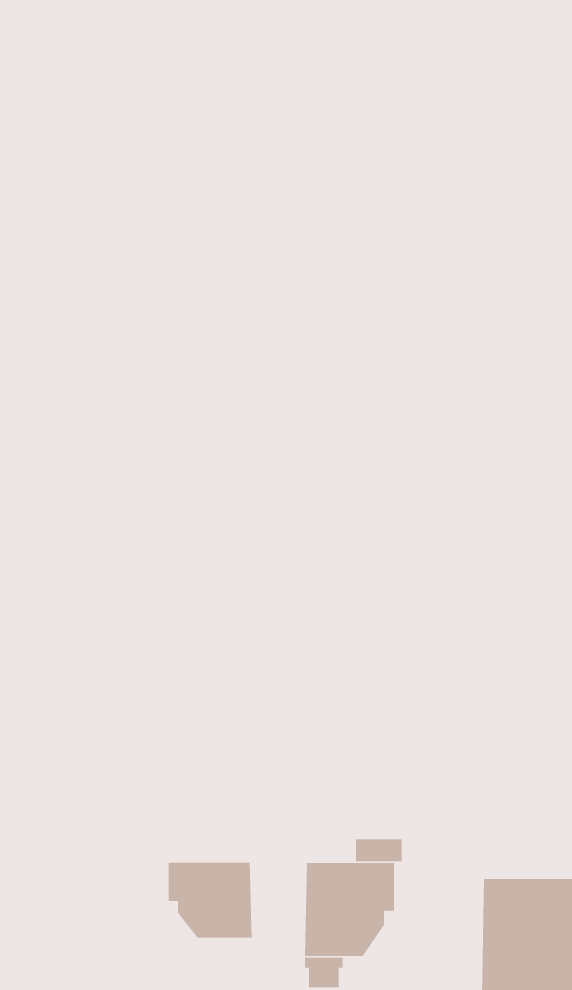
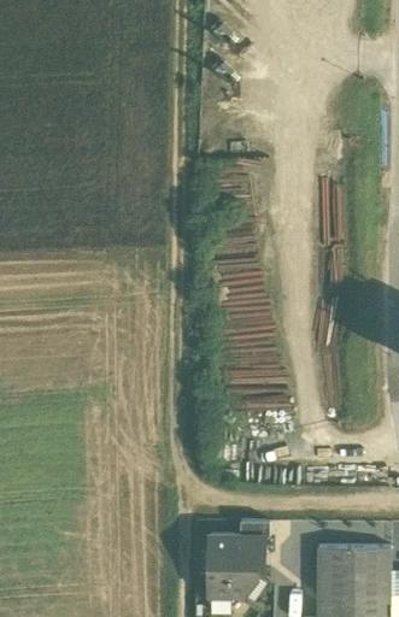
building: [168,862,252,939] -> none

